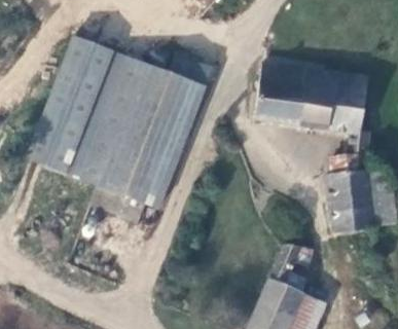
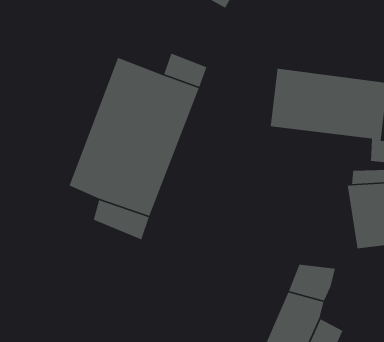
building: [29,38,116,173] -> none

